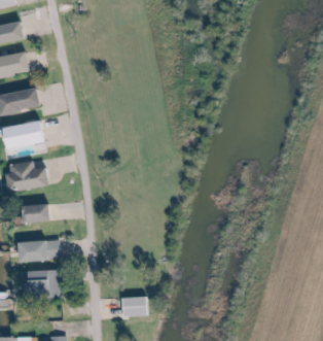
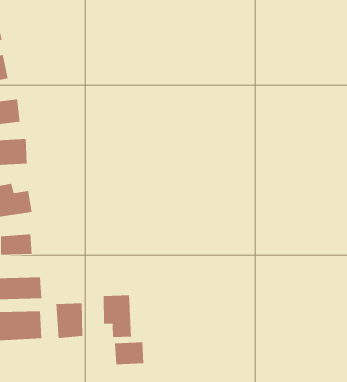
building: none -> [103,294,132,338]
building: none -> [56,302,83,339]

